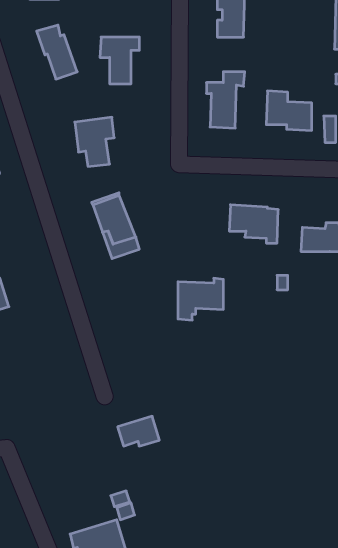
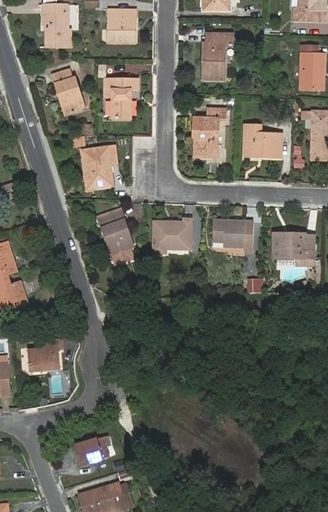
building: [178,278,223,320] -> [153,218,191,253]
building: none -> [27,339,63,371]
building: [118,416,159,446] -> [74,436,109,461]

